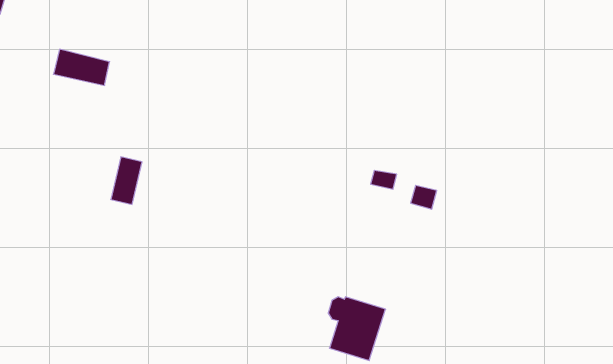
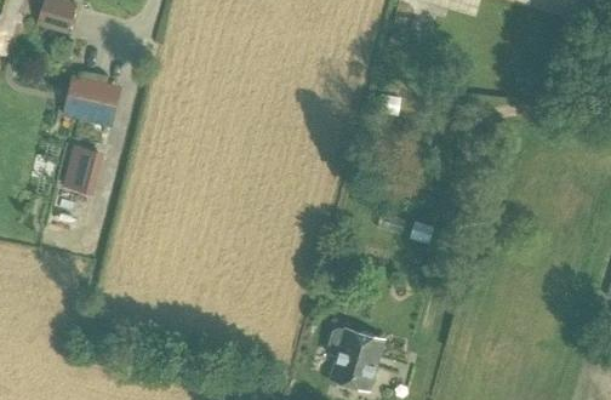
building: [111,157,142,204] -> [63,143,93,189]

